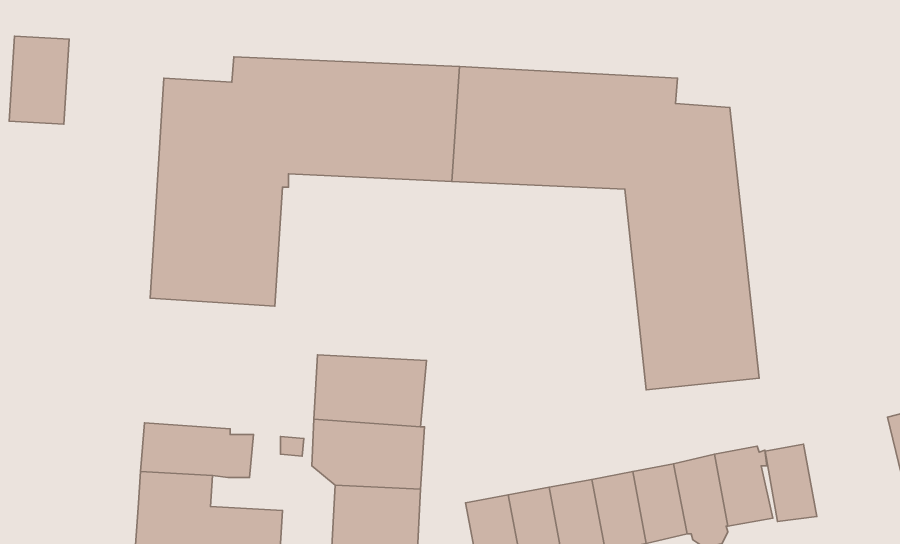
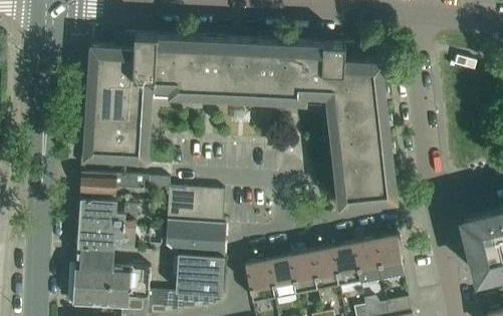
building: [9,36,69,124] -> none
building: none -> [80,173,149,196]
building: none -> [79,199,137,228]
building: [765,444,817,522] -> none

